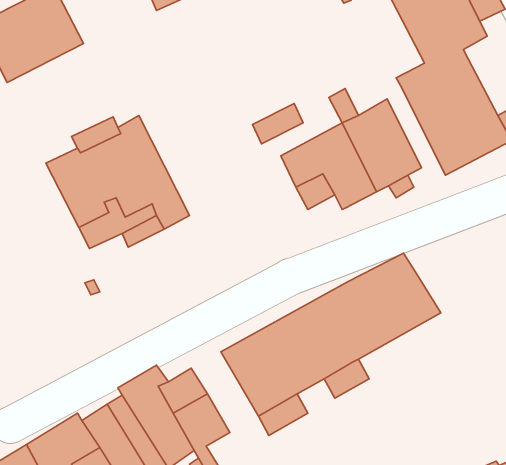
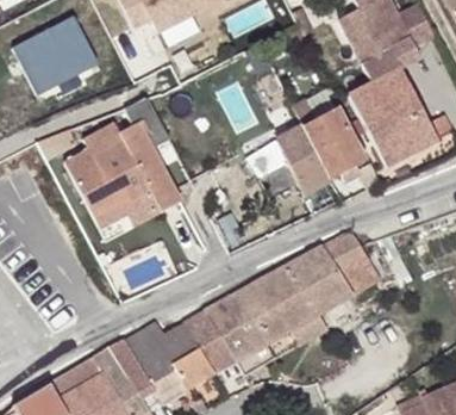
building: none -> [182,309,236,373]

